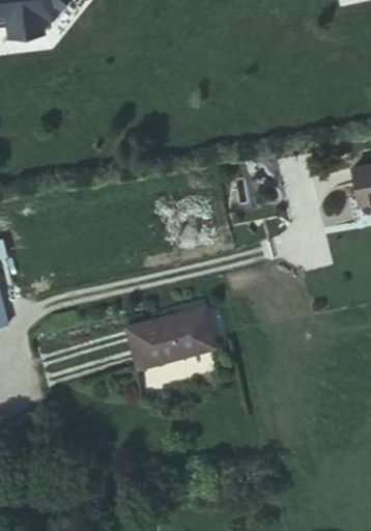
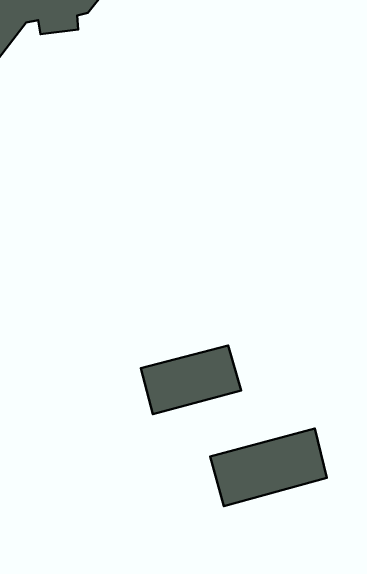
building: none -> [210,429,327,506]

